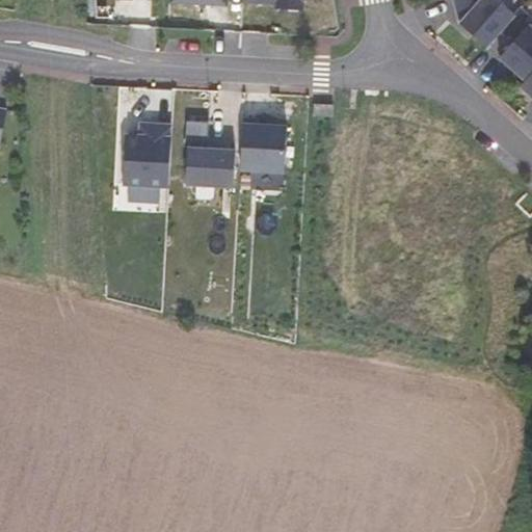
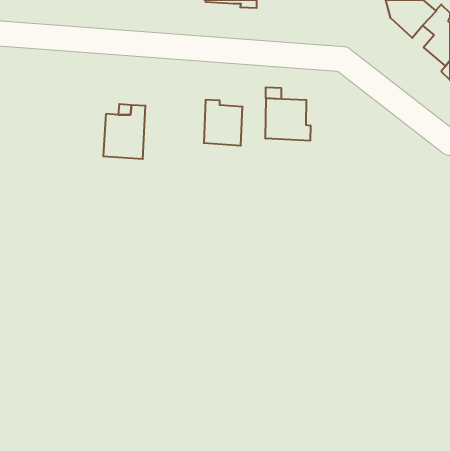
building: none -> [265,98,310,141]
building: [184,119,235,187] -> none

